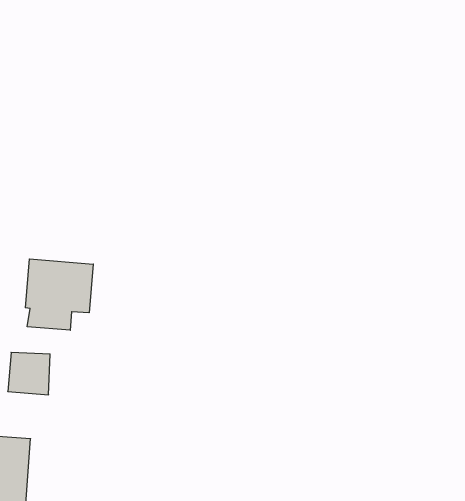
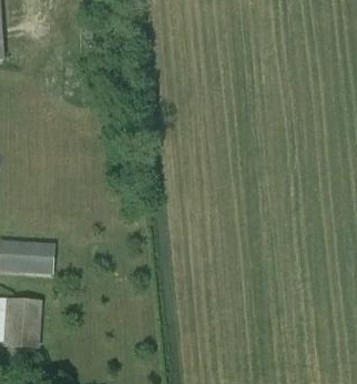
building: [25,259,93,330] -> none

